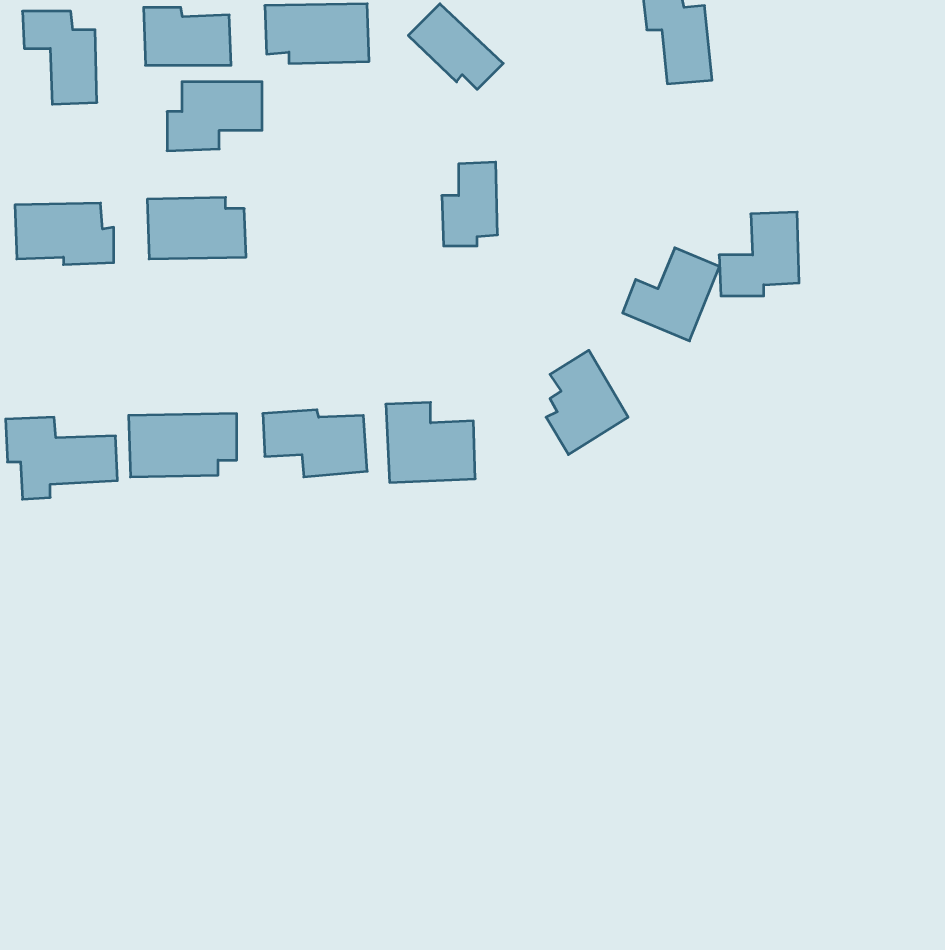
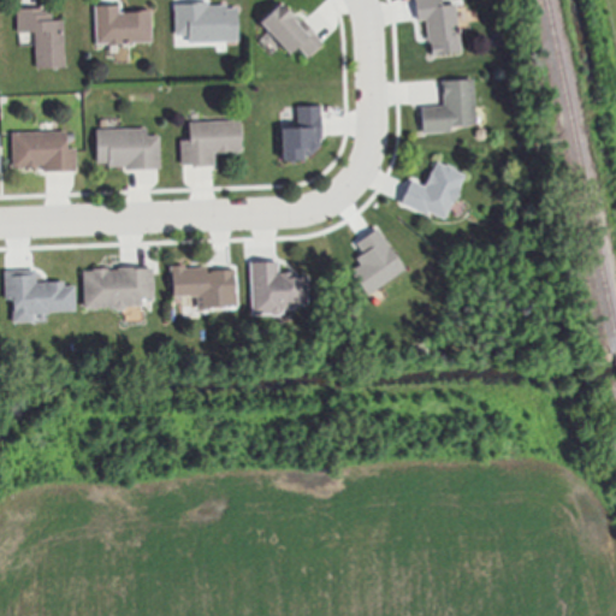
building: [167,82,262,151] -> [179,120,241,165]
building: [719,212,799,296] -> [421,78,473,132]

